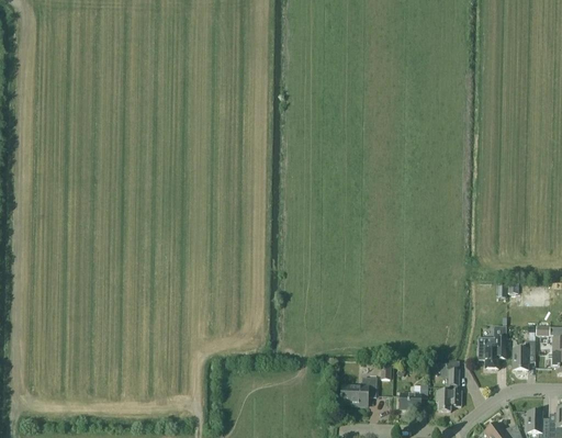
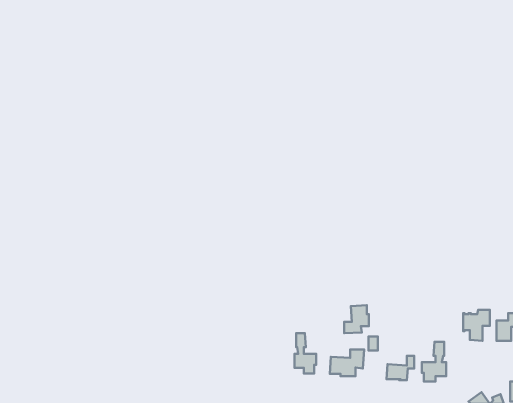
building: none -> [344,305,369,333]
building: none -> [294,333,316,373]

